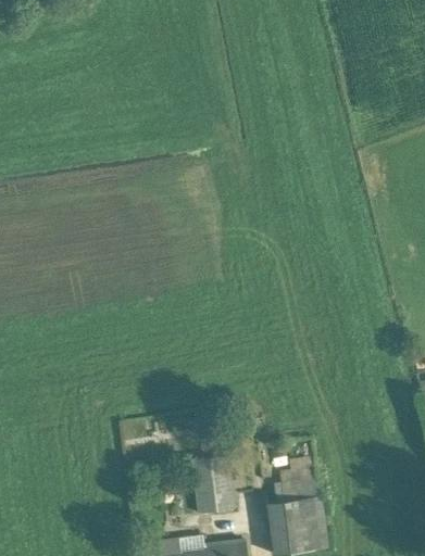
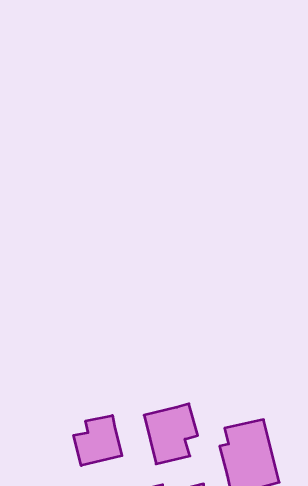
building: none -> [74,415,122,466]

